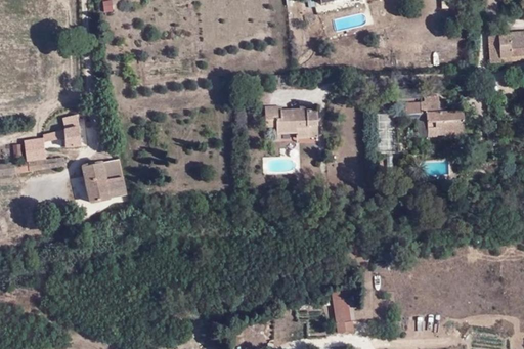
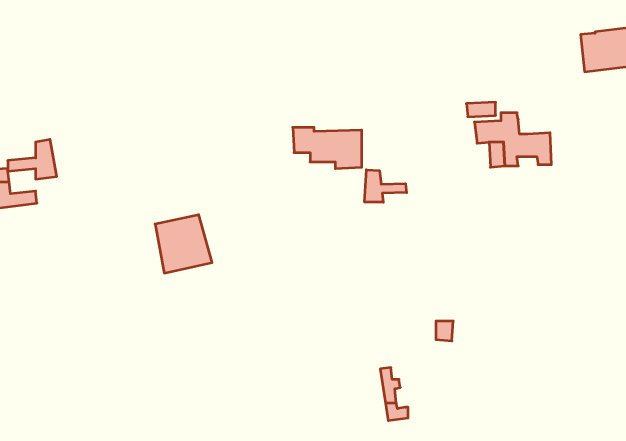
building: none -> [365,170,407,202]
building: [83,158,127,203] -> [155,215,212,273]

